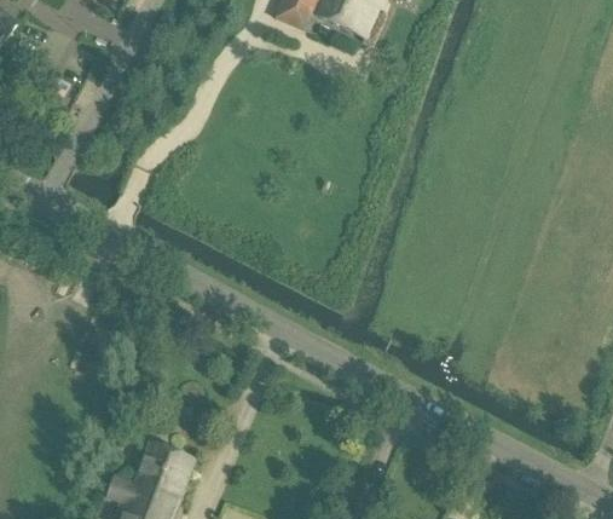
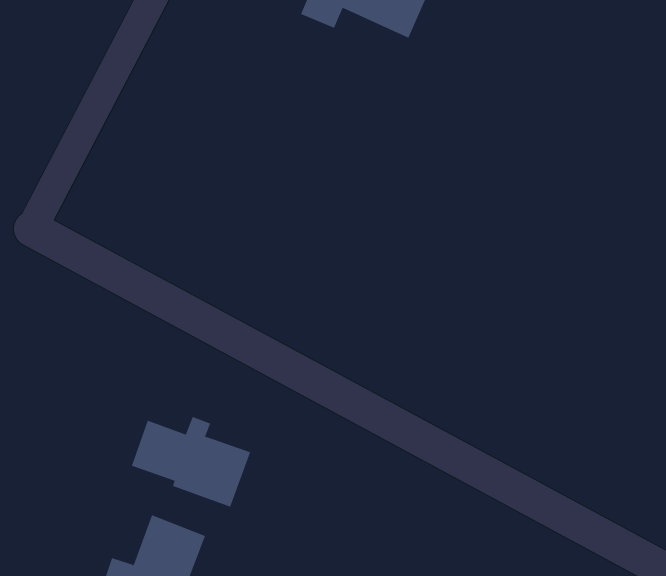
building: none -> [131,416,251,507]

